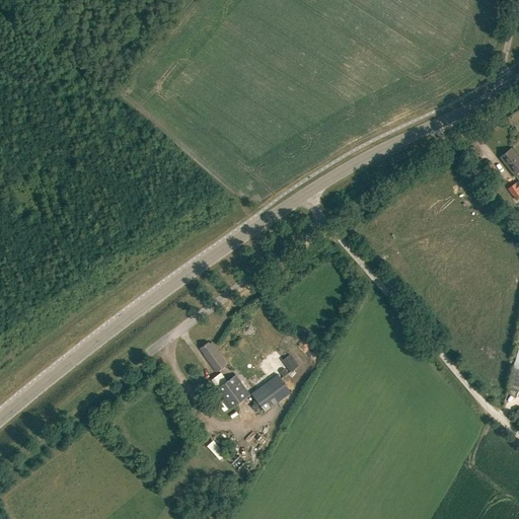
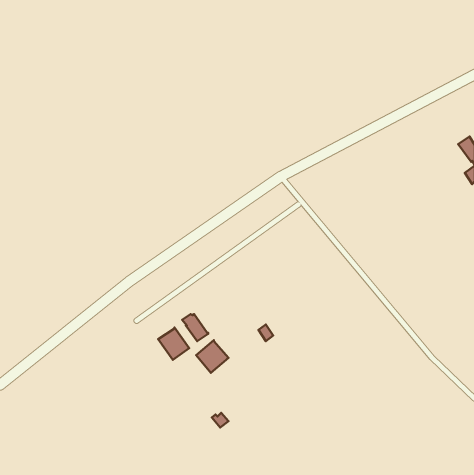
building: none -> [158,327,189,360]
building: [252,374,292,412] -> none

